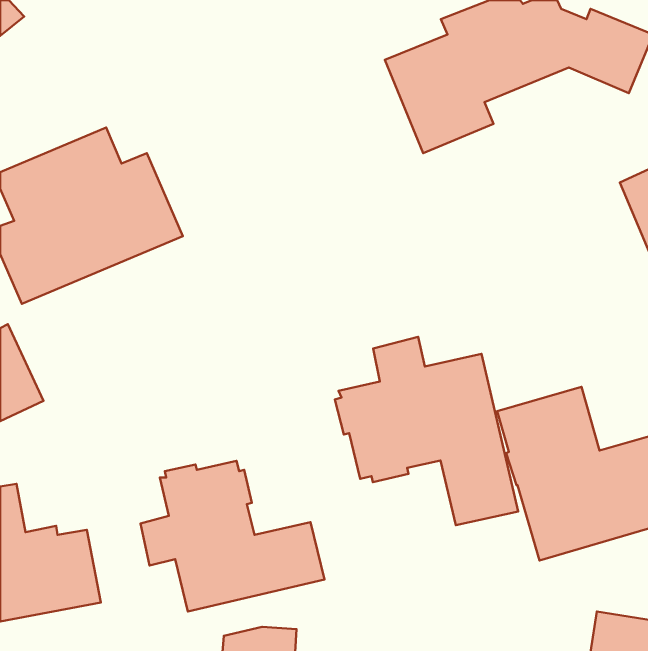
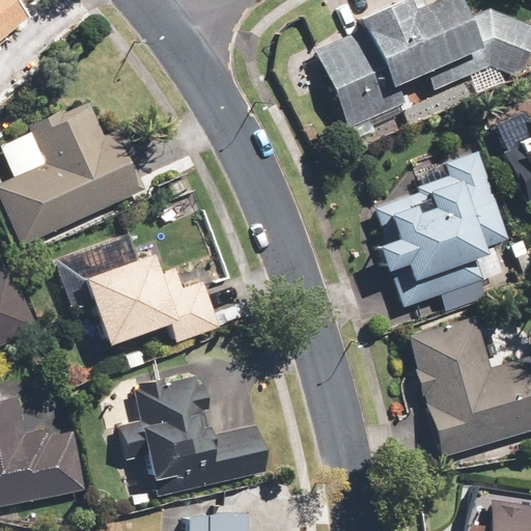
building: none -> [370,153,505,306]
building: none -> [59,240,222,346]
building: [335,337,518,525] -> none

